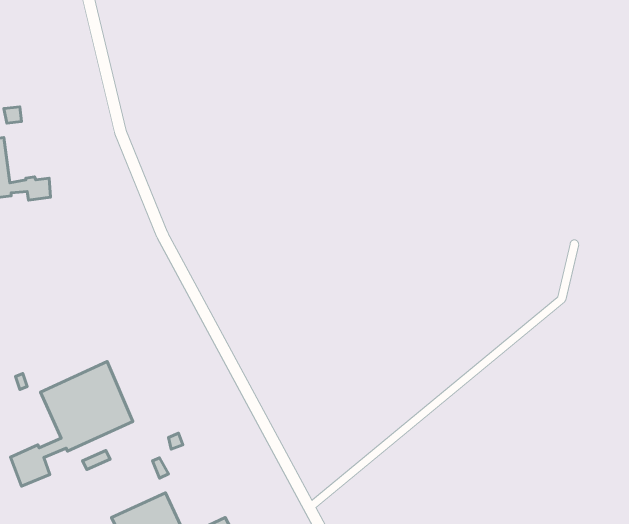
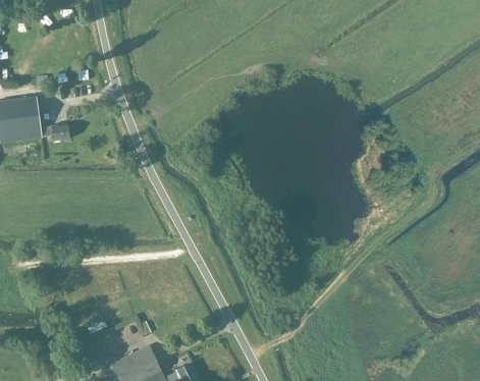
building: [11,361,133,486] -> none

